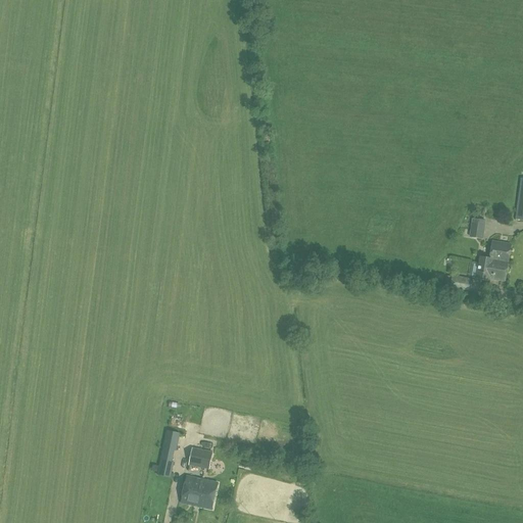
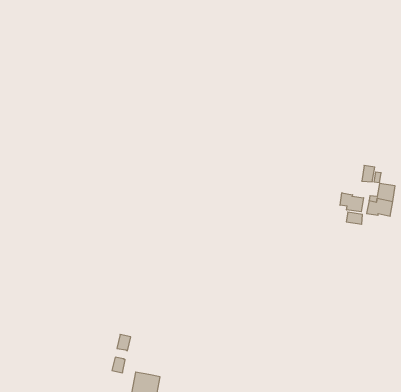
building: none -> [340,193,364,212]
building: [188,445,212,468] -> none

